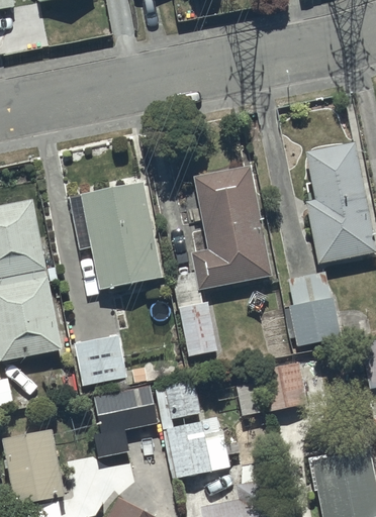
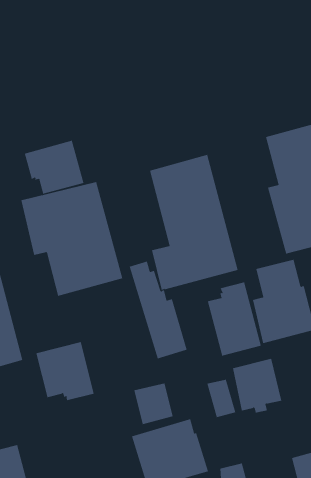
building: none -> [24,140,84,195]
building: none -> [207,281,262,357]
building: [93,384,161,455] -> none

